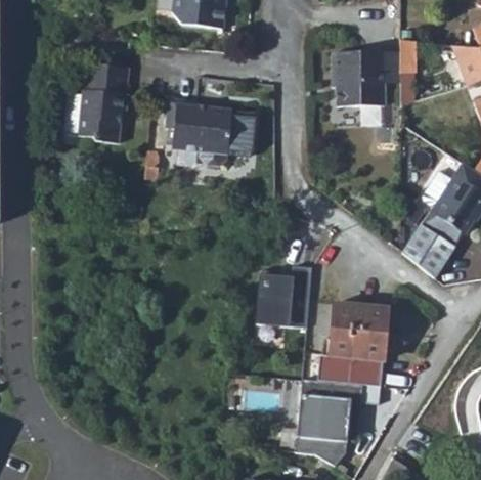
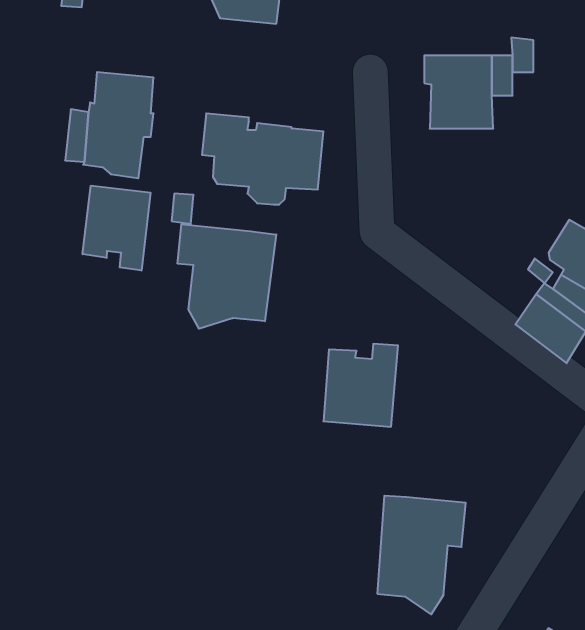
building: none -> [83,186,150,271]
building: none -> [178,224,276,329]
building: [317,304,385,385] -> none

